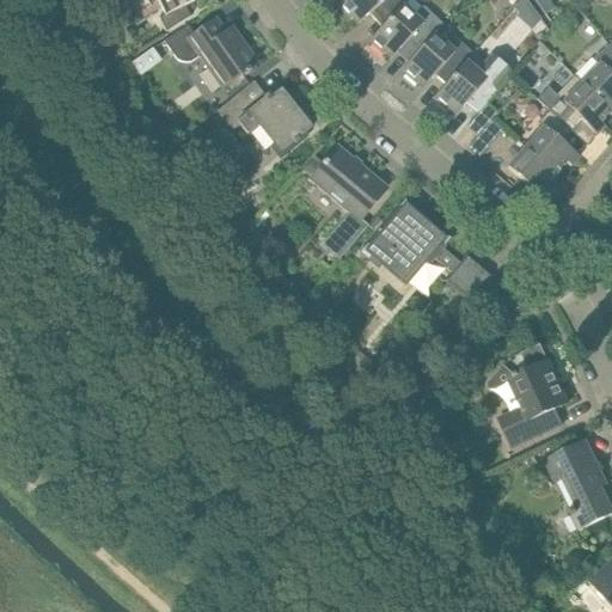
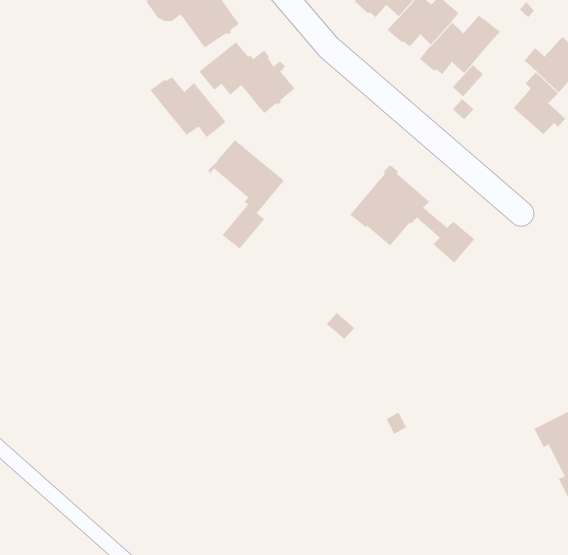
building: none -> [150,76,227,138]
building: [509,143,557,195] -> none
building: [311,145,387,253] -> [207,139,285,250]
building: [488,341,569,446] -> none

